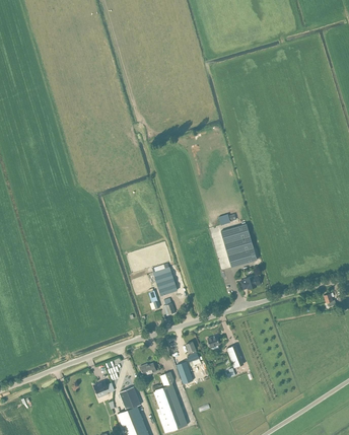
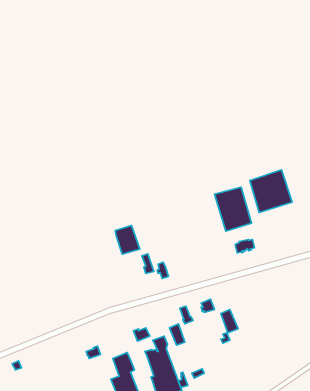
building: none -> [250,170,292,212]
building: [153,267,178,295] -> [115,225,140,254]

